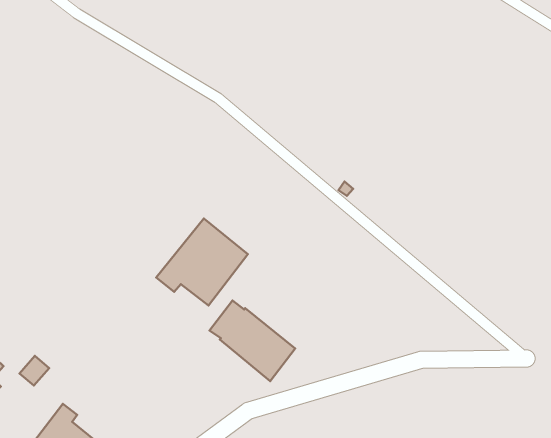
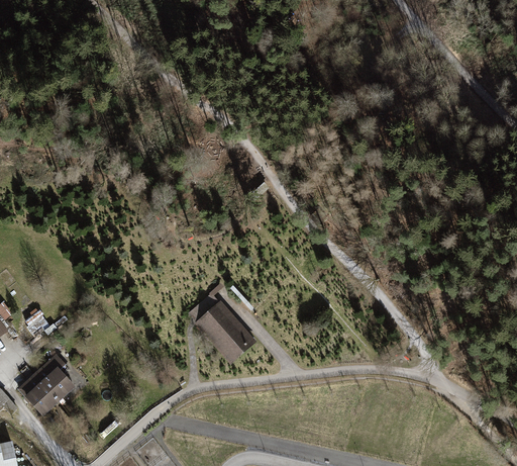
building: [156,218,248,305] -> none

